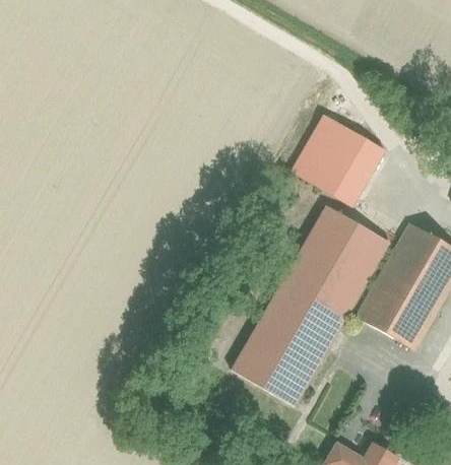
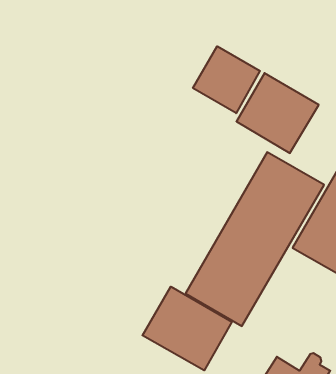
building: none -> [193,46,260,113]
building: none -> [142,287,232,370]

